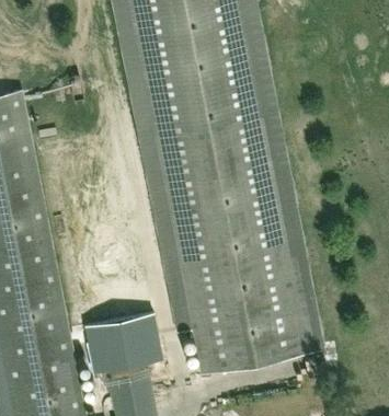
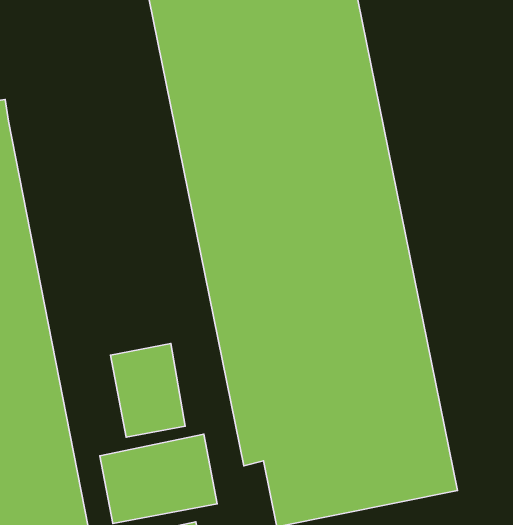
building: none -> [111,344,185,437]

